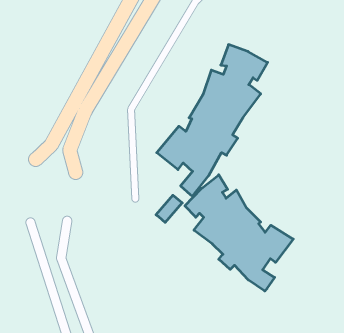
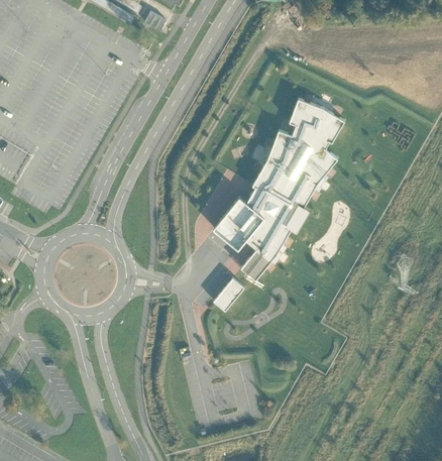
building: [185,175,293,291] -> none

